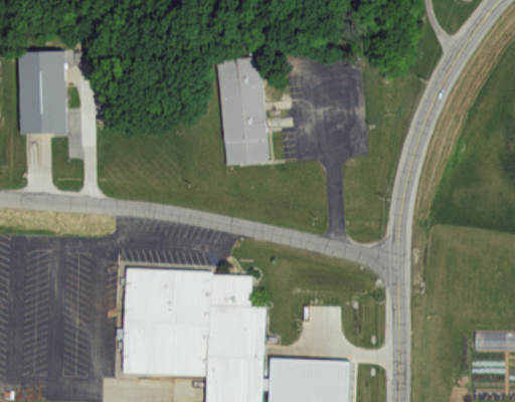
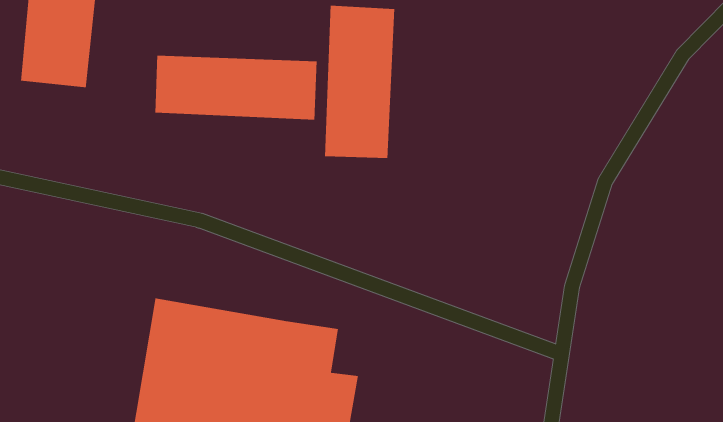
building: none -> [154,55,317,121]

